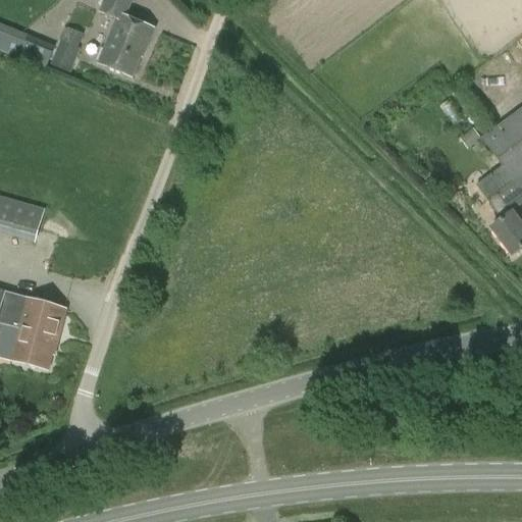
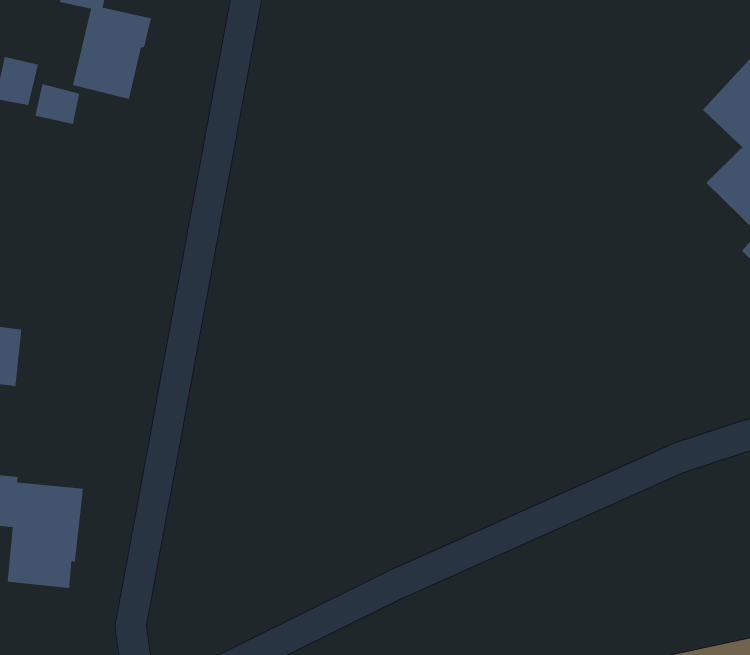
building: none -> [34,83,80,125]

